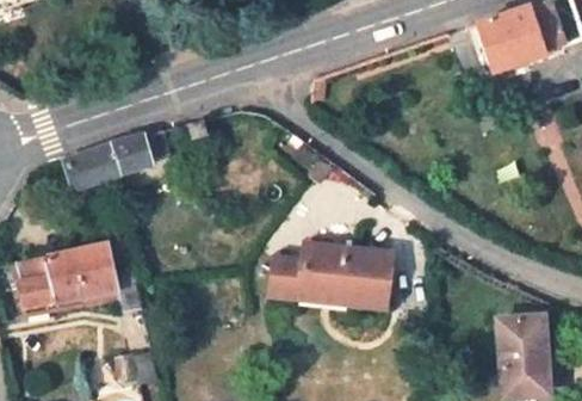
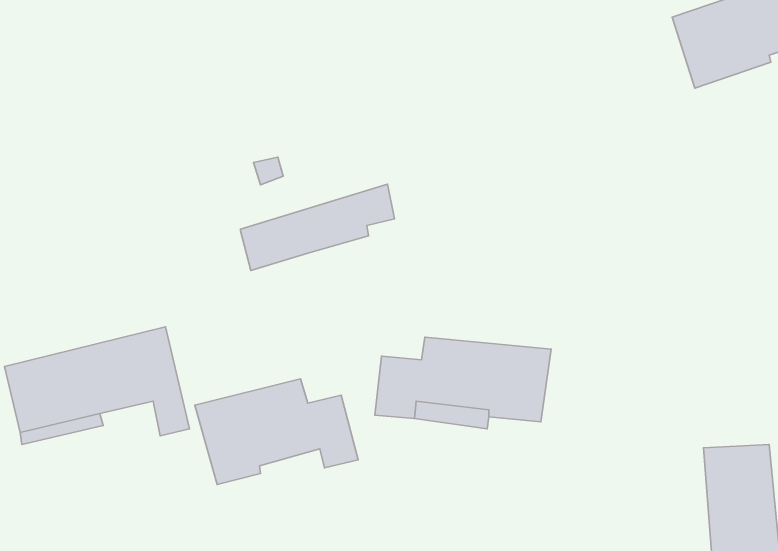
building: [67,129,173,189] -> [241,184,394,271]
building: none -> [195,379,358,485]

